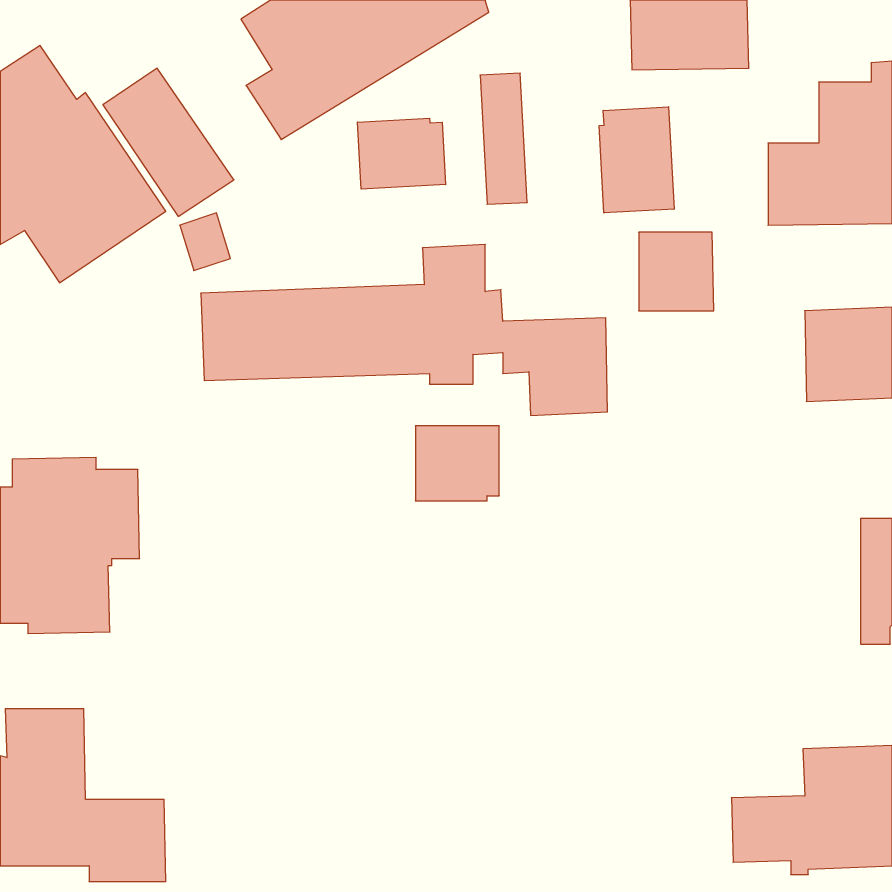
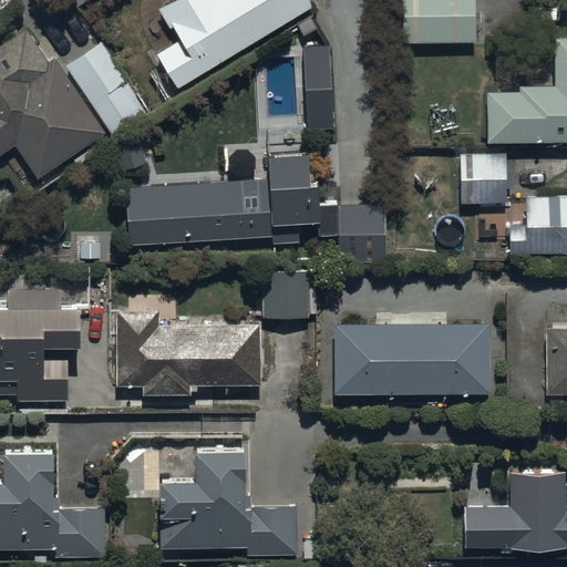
building: [599,107,674,213] -> none
building: [358,118,446,189] -> none
building: [639,232,714,311] -> [460,152,507,202]
building: none -> [115,310,261,395]
building: none -> [332,324,489,395]
building: none -> [161,449,298,557]

